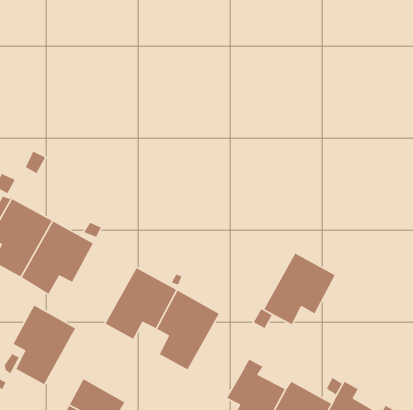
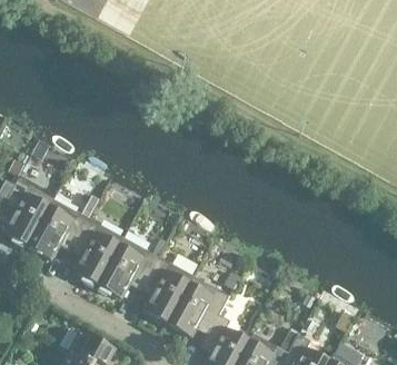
building: [263,252,336,325] -> [167,276,228,337]
building: [13,304,76,385] -> [70,217,123,285]

